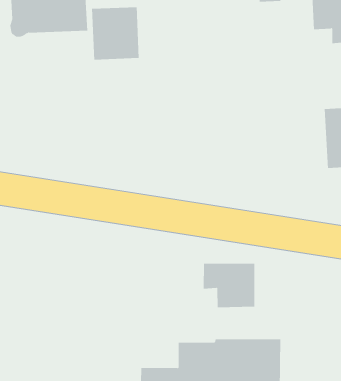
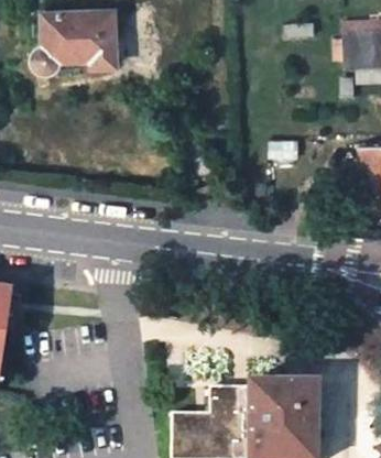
building: [92,6,139,60] -> none
building: [203,263,255,308] -> none

